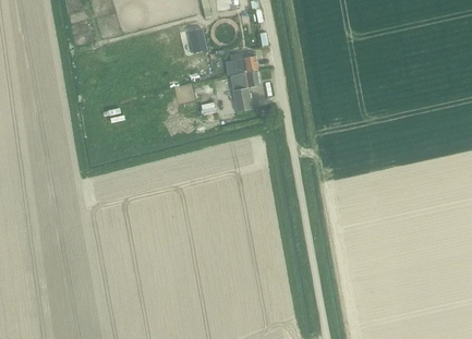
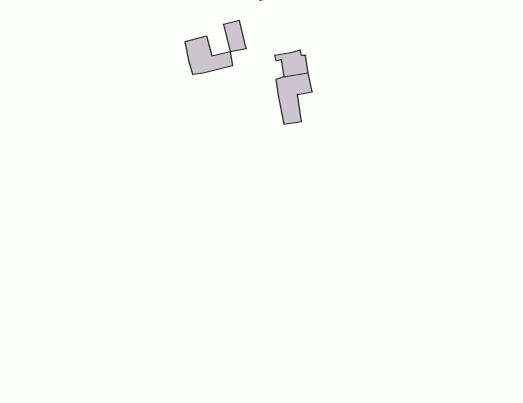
building: none -> [185,36,233,75]

